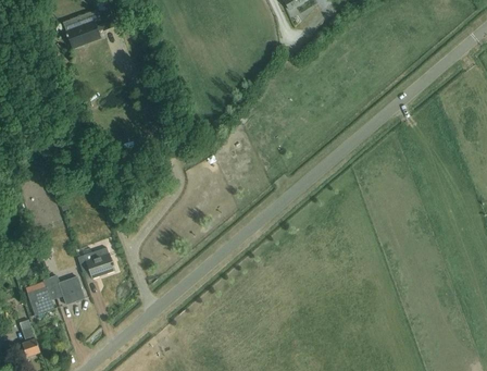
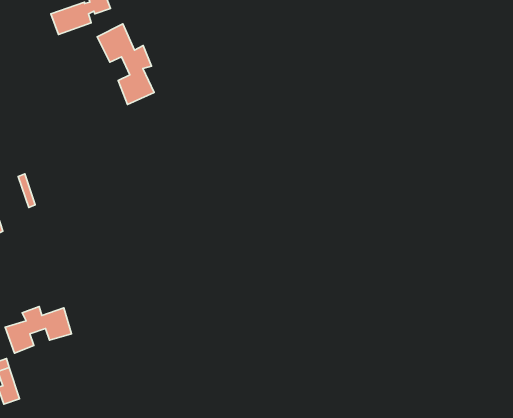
building: none -> [97,24,154,104]
building: [77,247,113,275] -> none

